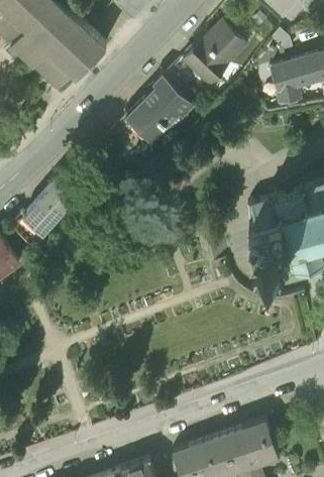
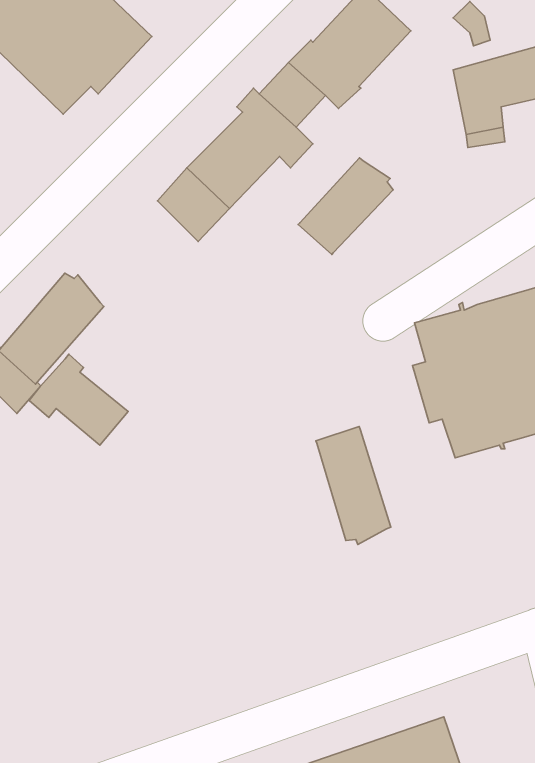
building: none -> [298,158,393,255]
building: none -> [29,354,128,445]
building: none -> [316,427,391,544]

